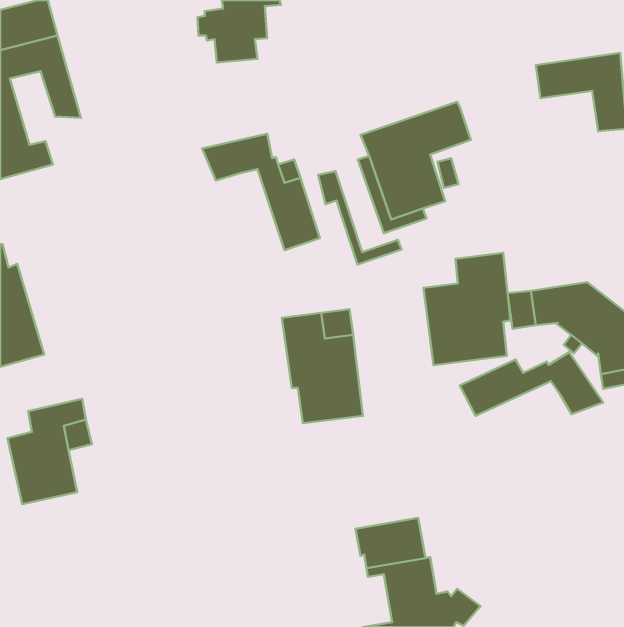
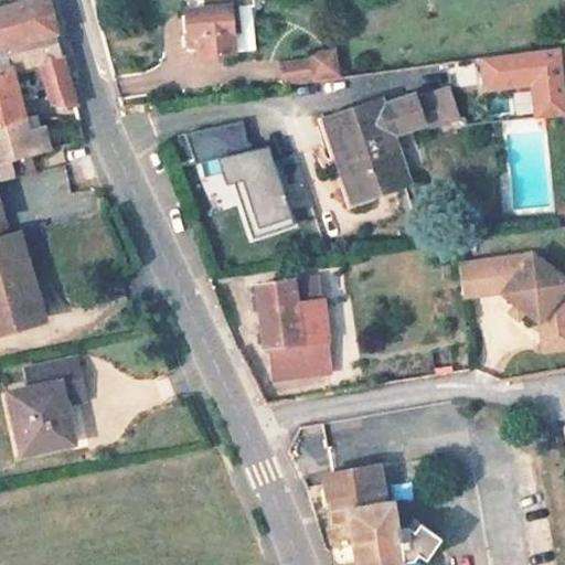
building: none -> [279,52,335,81]
building: none -> [416,85,458,126]
building: [318,171,402,264] -> [218,152,294,236]
building: [424,253,510,365] -> none
building: [460,352,603,416] -> none

